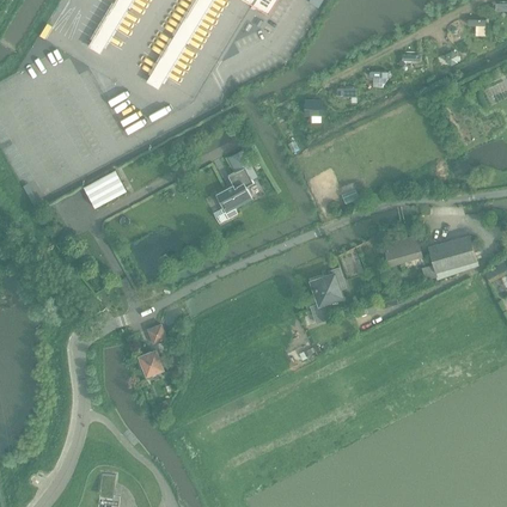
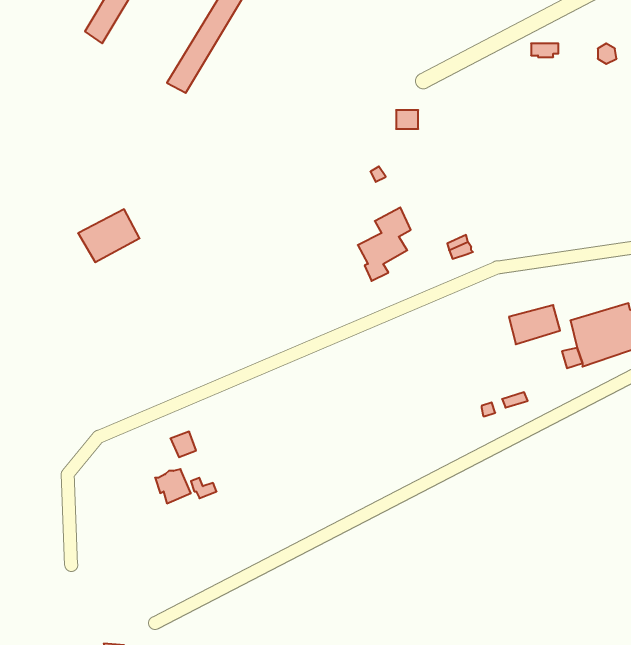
building: [215,166,252,218] -> [358,207,411,281]
building: [310,267,346,322] -> none

